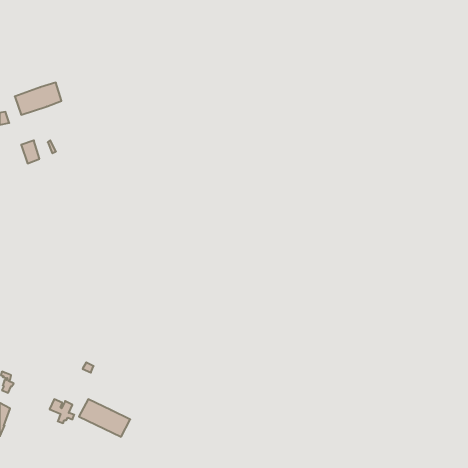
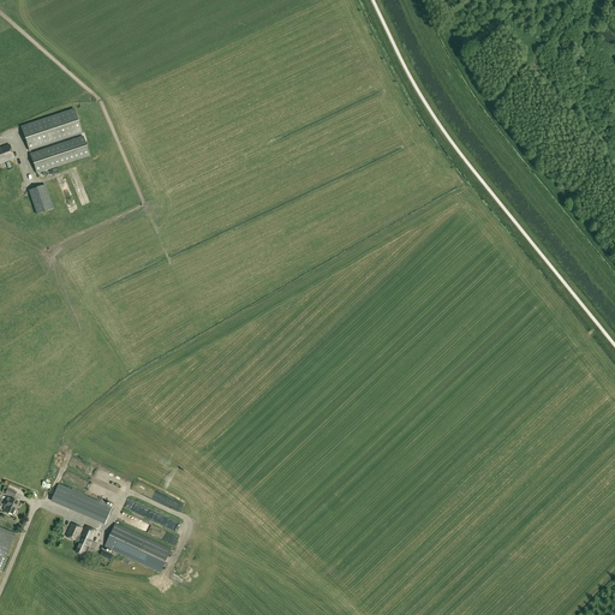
building: none -> [29,135,89,173]
building: none -> [50,484,112,523]

